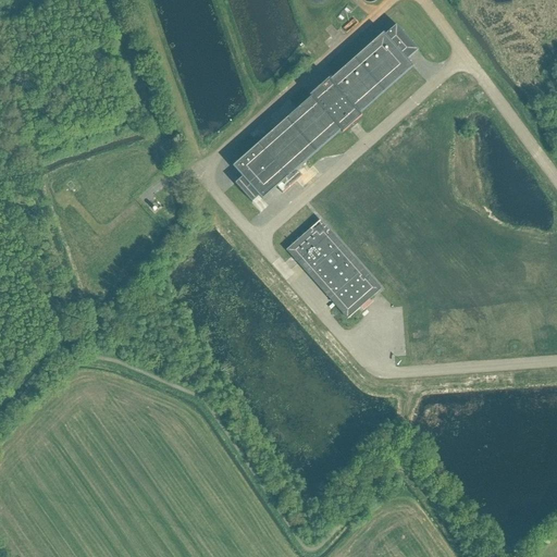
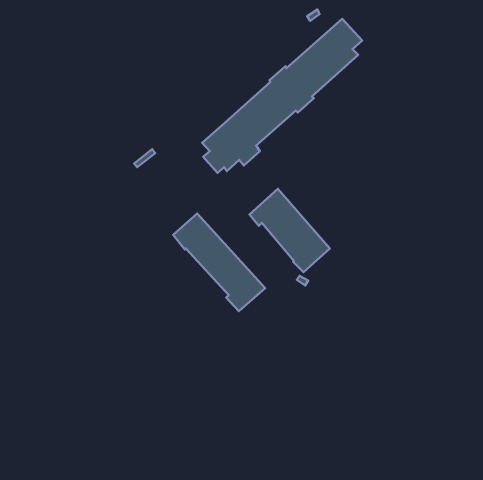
building: none -> [173,213,265,311]

